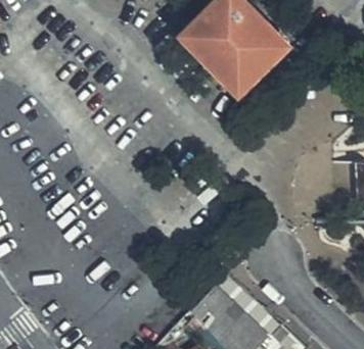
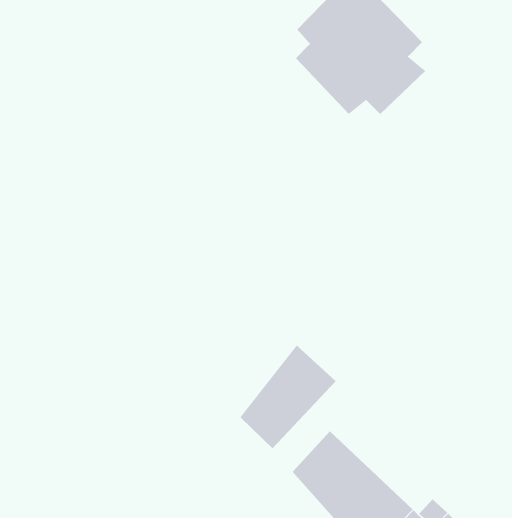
building: none -> [239,344,337,449]

